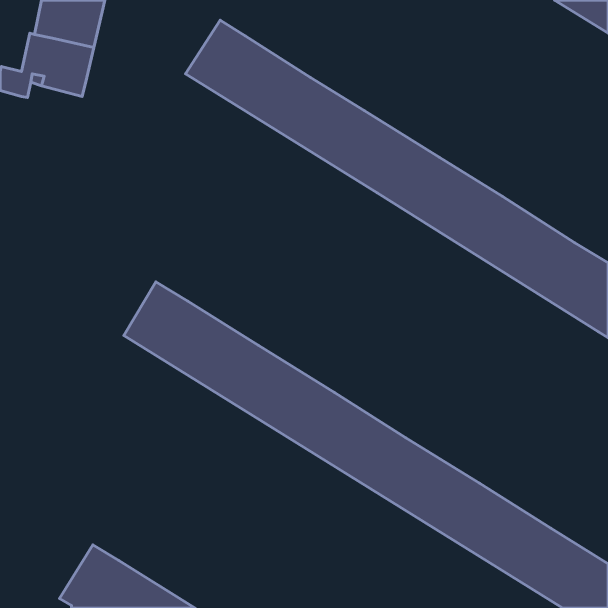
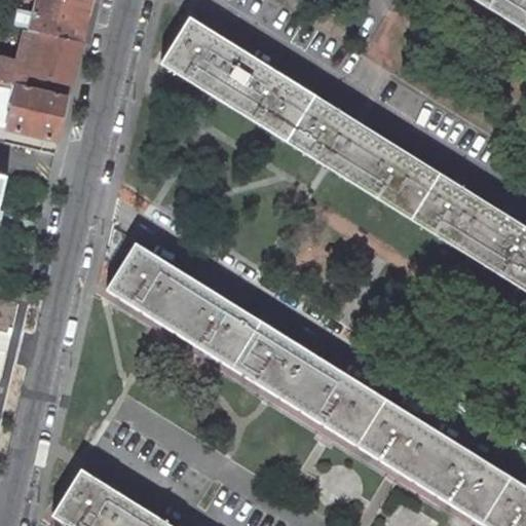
building: none -> [7,83,68,141]

